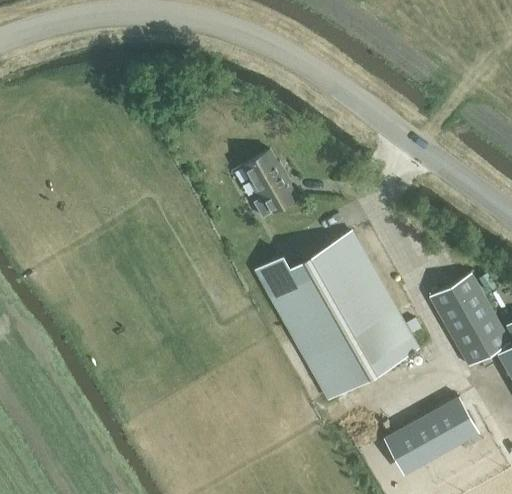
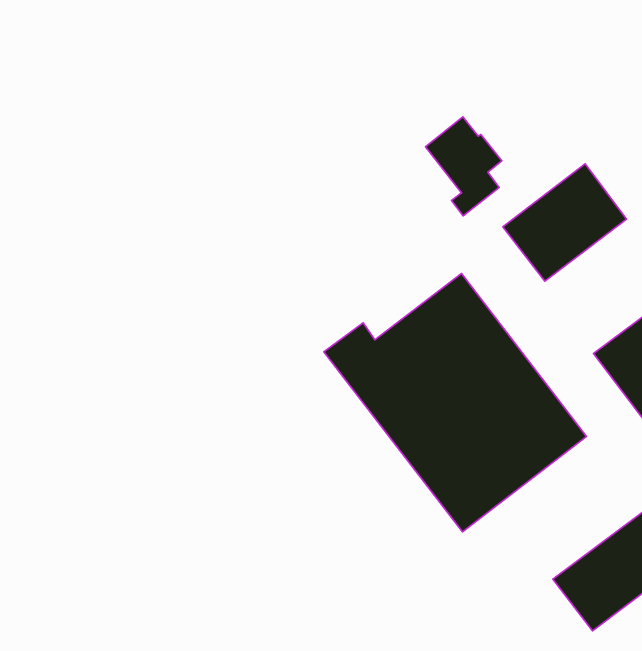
building: [243,151,291,215] -> [425,117,502,216]
building: none -> [503,164,627,281]

